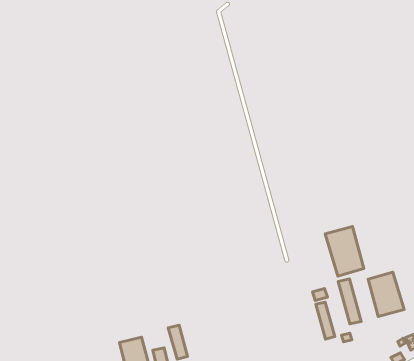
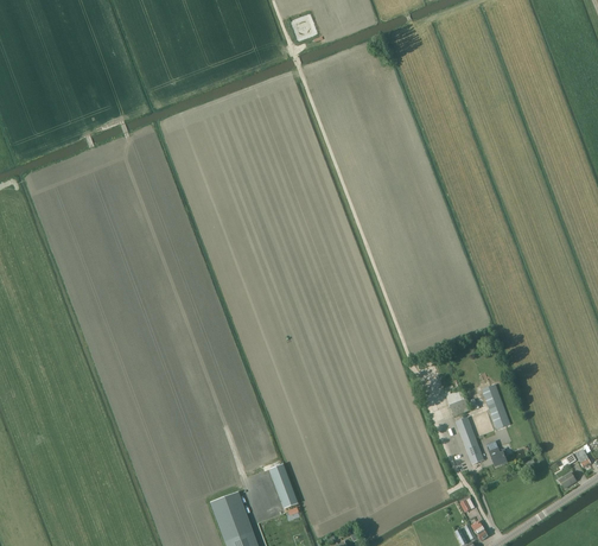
building: [325,226,364,276] -> none
building: [368,272,404,317] -> none

